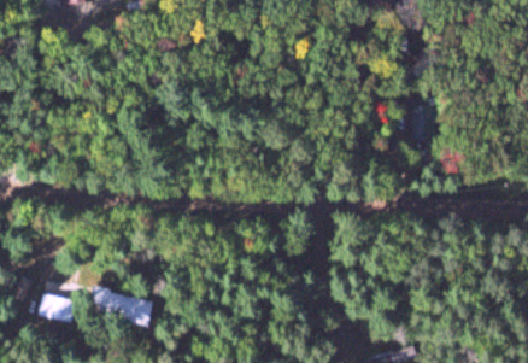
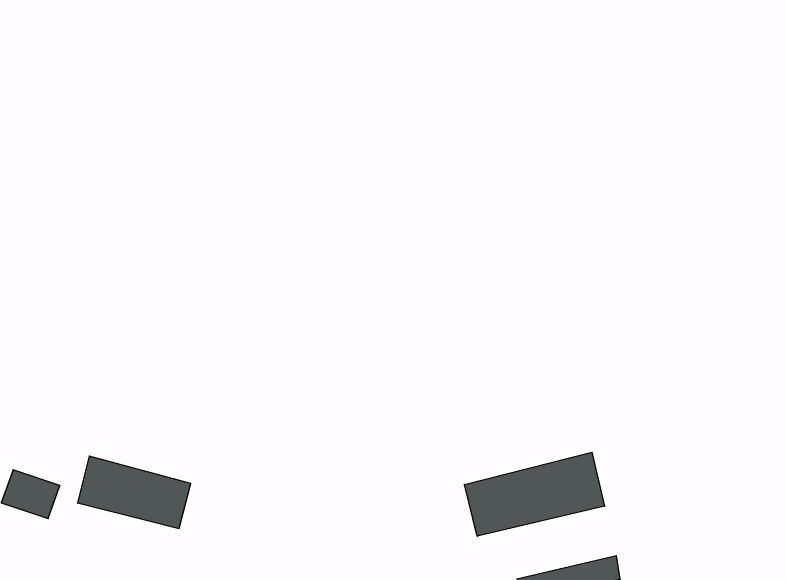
building: none -> [464,452,605,536]

